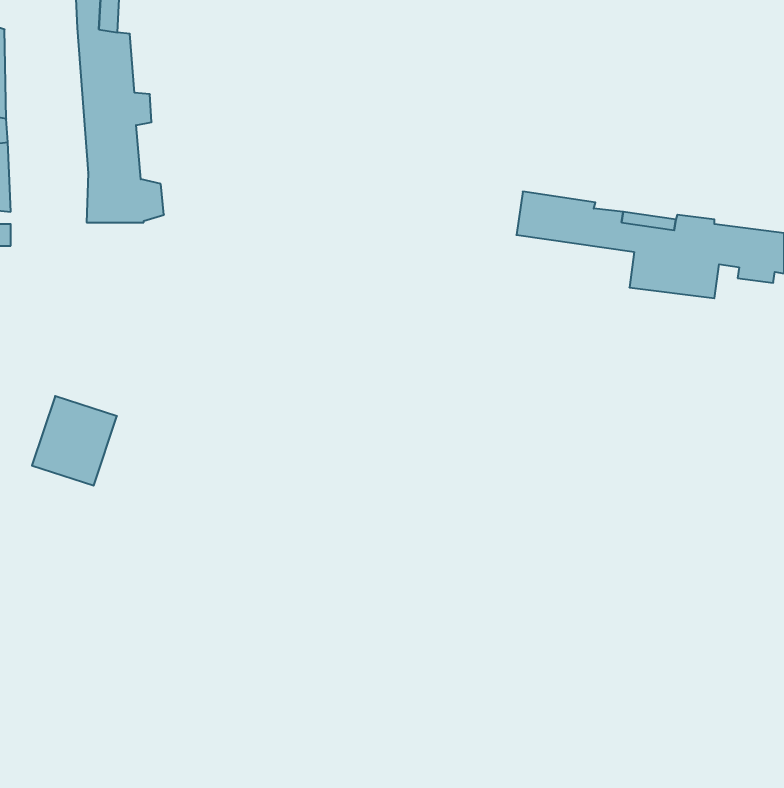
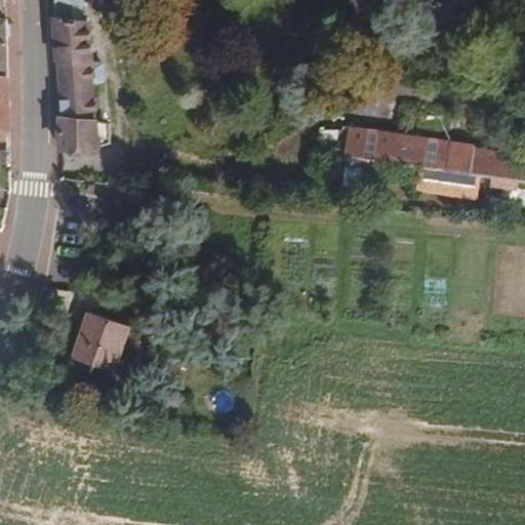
building: [32,396,117,486] -> [70,311,126,370]

